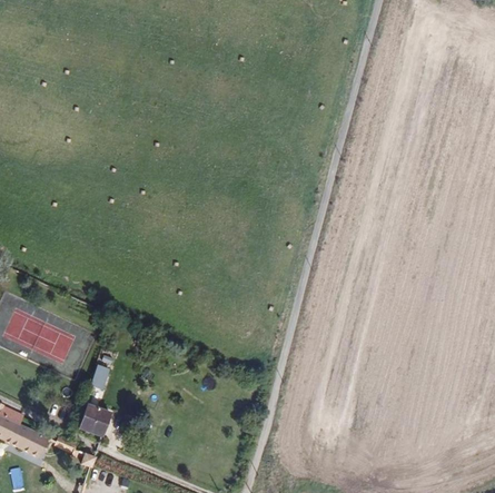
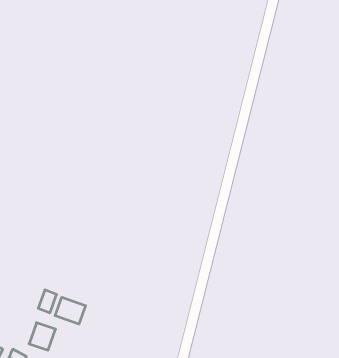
building: none -> [55,297,86,324]

